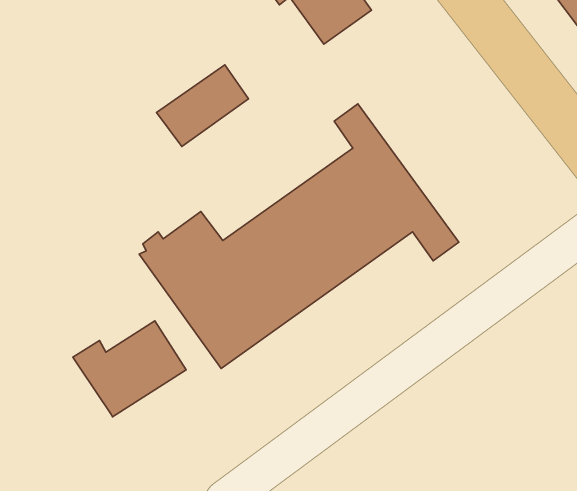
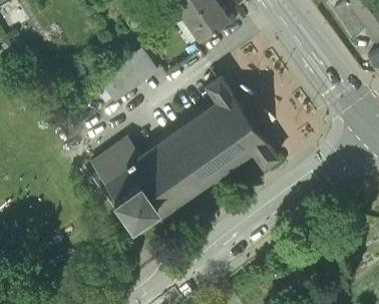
building: [73,321,186,417] -> none

